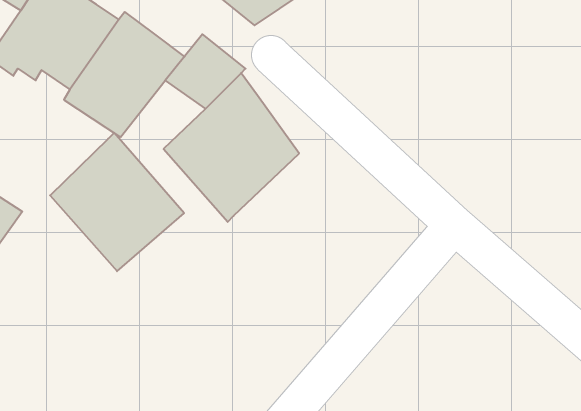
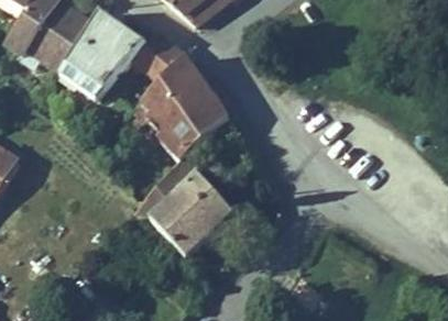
building: [50,133,184,271] -> [132,164,231,266]

